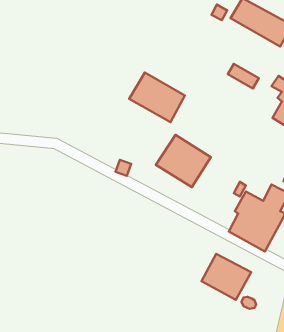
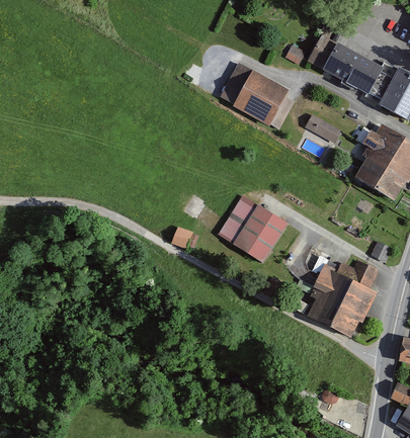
building: [129,72,185,122] -> [221,65,286,123]
building: [201,254,251,300] -> none

